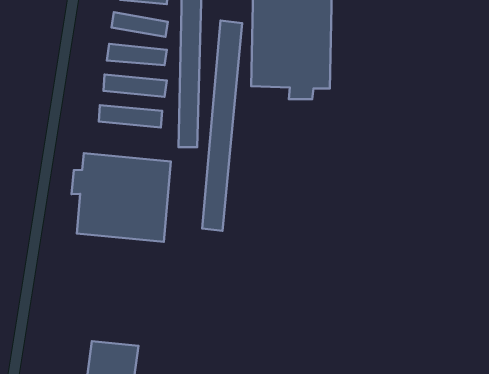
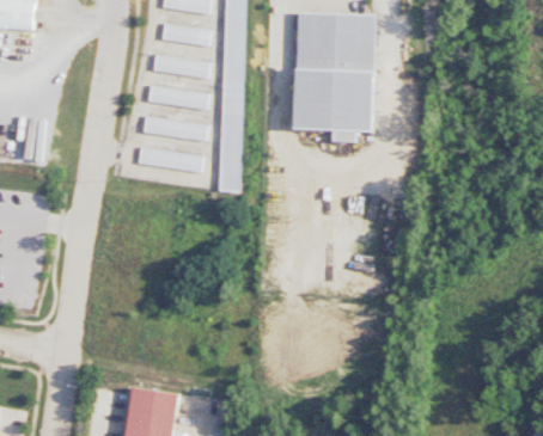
building: [202,21,242,231] -> none
building: [71,153,171,242] -> none

